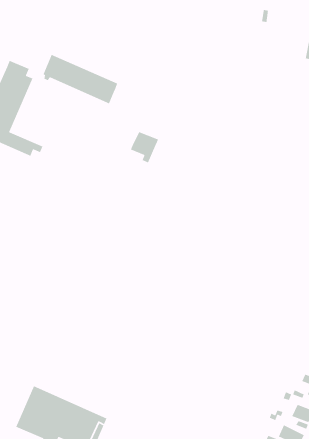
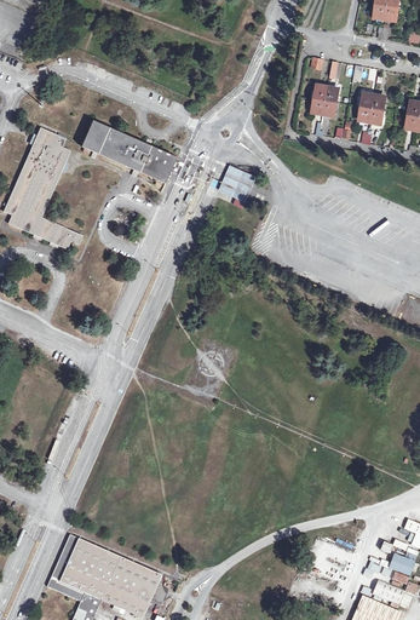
building: none -> [312,84,338,114]
building: none -> [358,92,384,122]
building: [130,131,159,163] -> [218,167,254,207]

